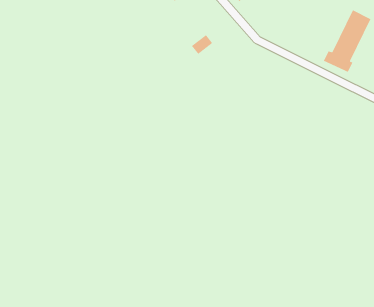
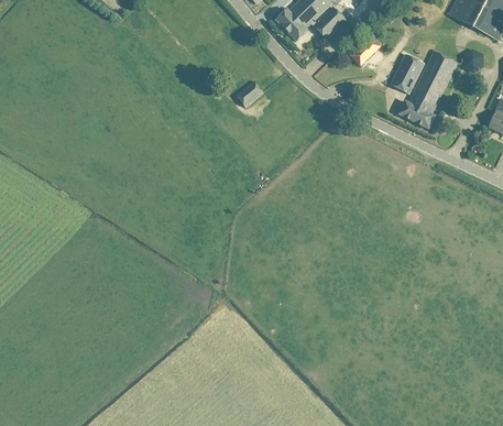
building: none -> [390,53,424,92]

